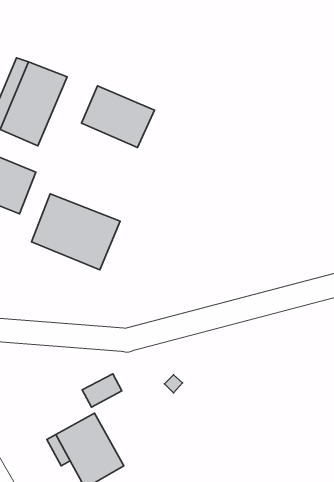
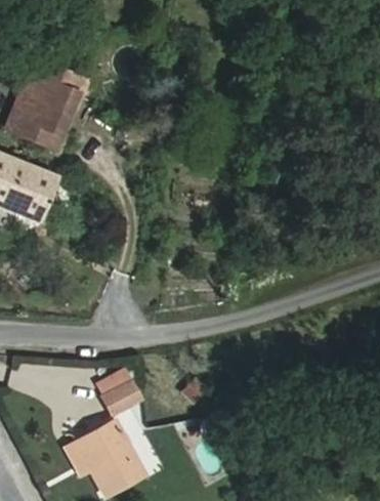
building: [82,86,155,148] -> none
building: [31,194,120,270] -> none

